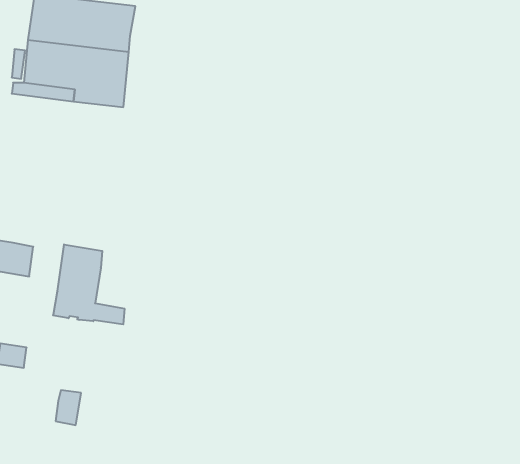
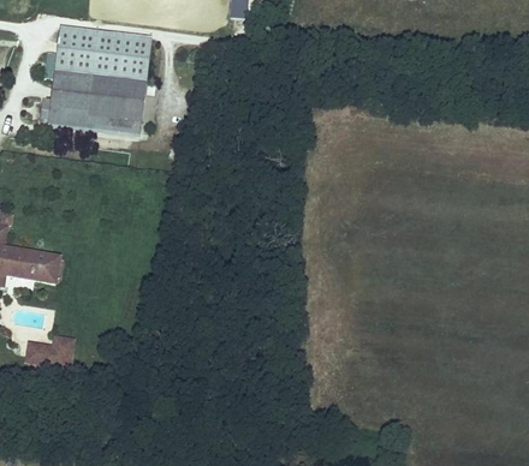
building: [53,244,124,324] -> none
building: [56,390,81,425] -> [52,335,75,366]

